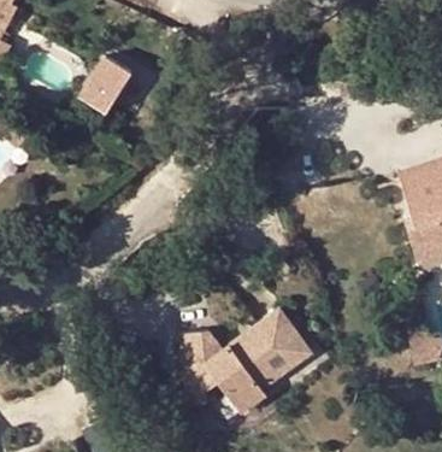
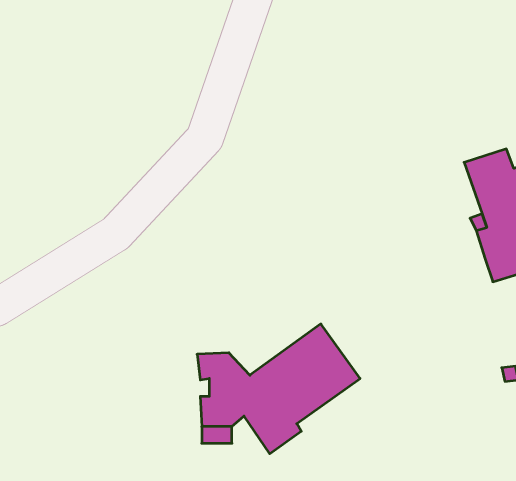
building: [79,53,136,116] -> none

